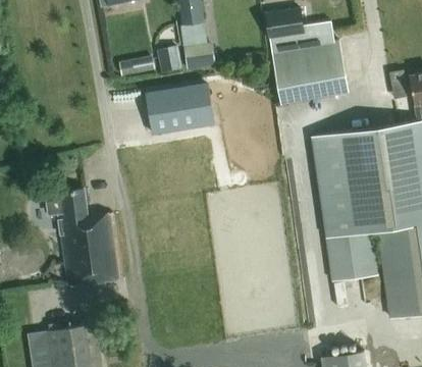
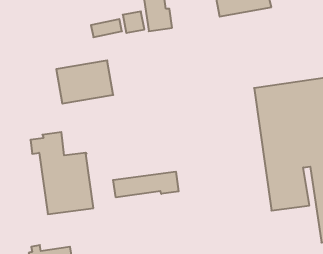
building: [270,40,348,104] -> none
building: [145,84,212,135] -> [56,60,113,104]
building: none -> [113,172,179,197]

